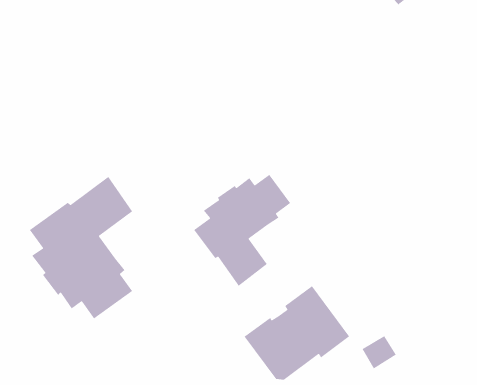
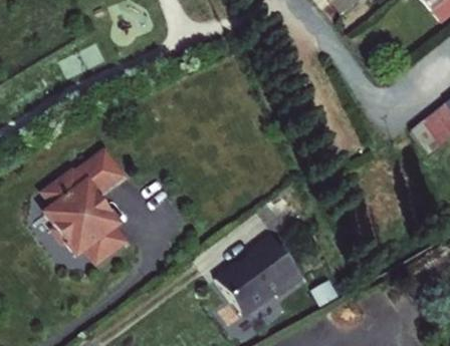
building: [193,174,291,287] -> none

